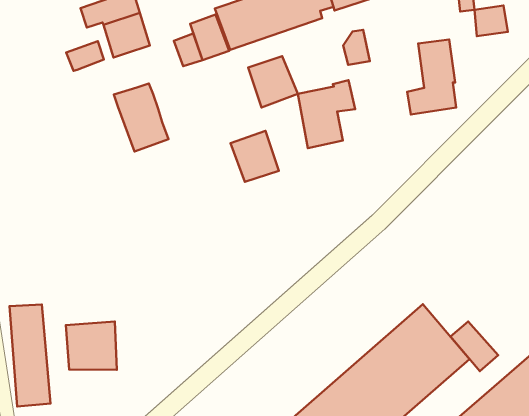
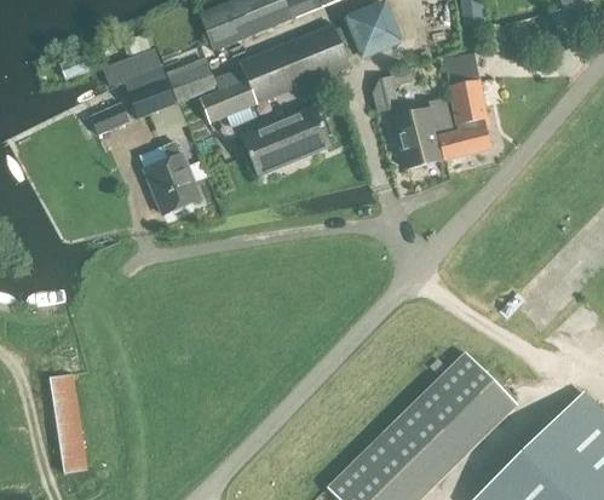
building: [475,6,508,36] -> [444,53,479,86]
building: none -> [167,62,217,102]
building: [298,80,355,148] -> [393,98,453,169]
building: [230,131,279,182] -> [241,120,292,173]
building: [450,322,498,371] -> none
building: [66,322,117,370] -> none

